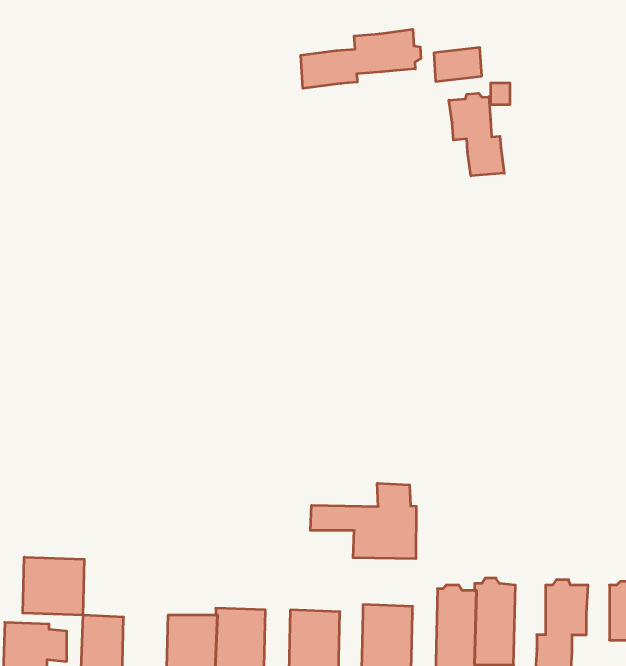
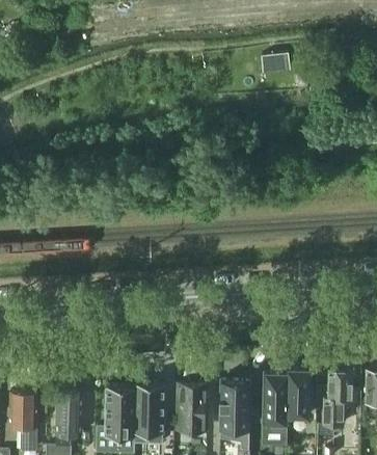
building: [301,29,421,88] -> none
building: [449,93,504,176] -> none
building: [310,483,416,559] -> none
building: [23,557,84,615] -> none

